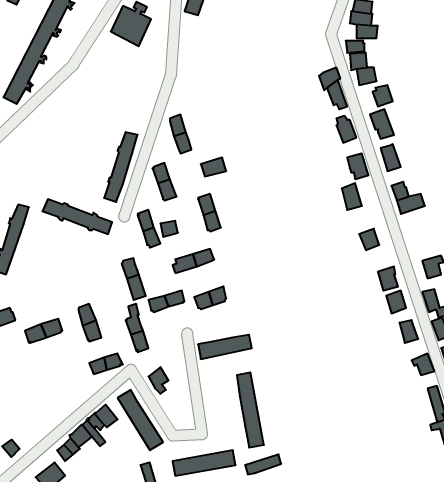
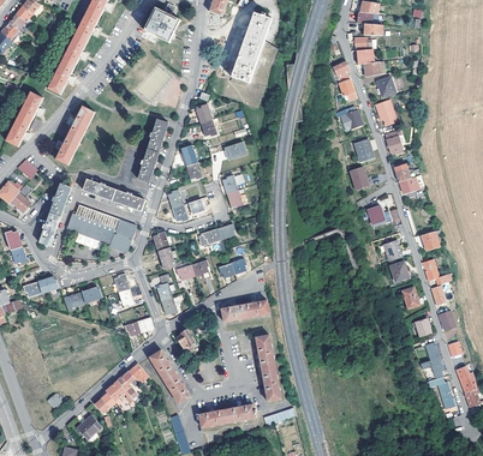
building: none -> [229,12,270,82]
building: none -> [54,106,94,164]
building: none -> [67,204,136,251]

